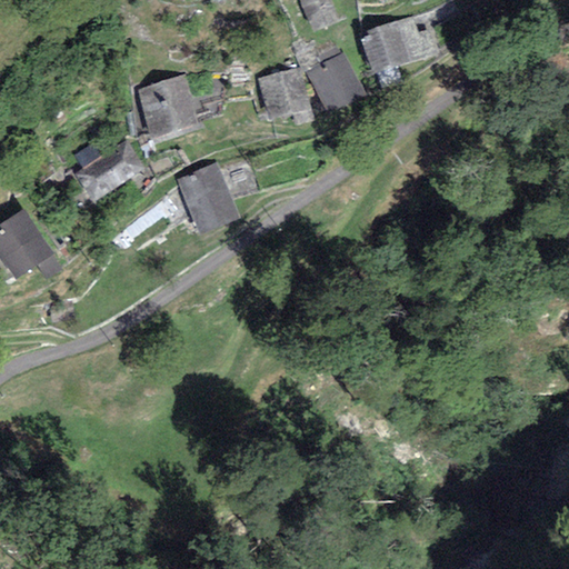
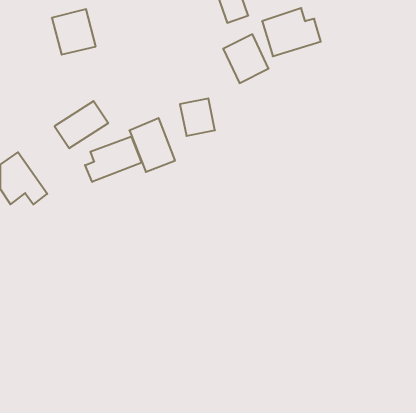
building: [257,69,305,120] -> [180,98,215,136]
building: [138,74,198,137] -> [52,9,96,55]
building: none -> [85,137,142,182]

